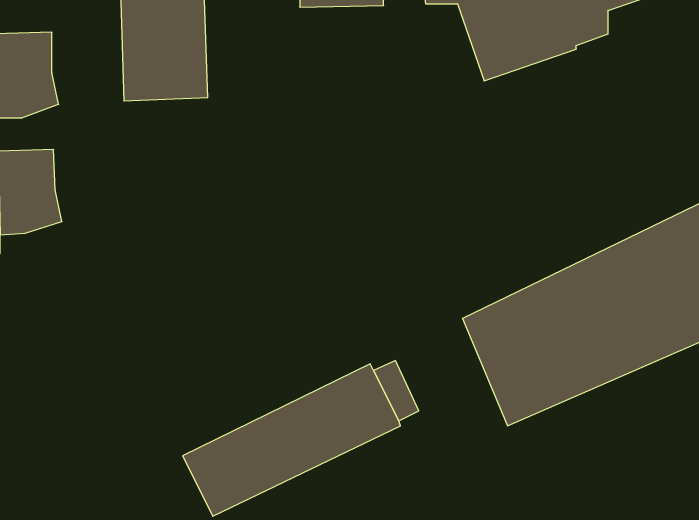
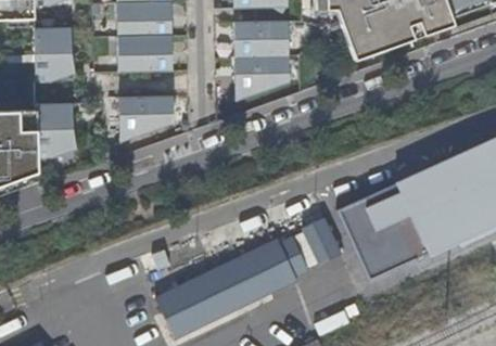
building: none -> [233,22,289,100]
building: none -> [119,93,174,141]
building: none -> [302,217,344,267]

